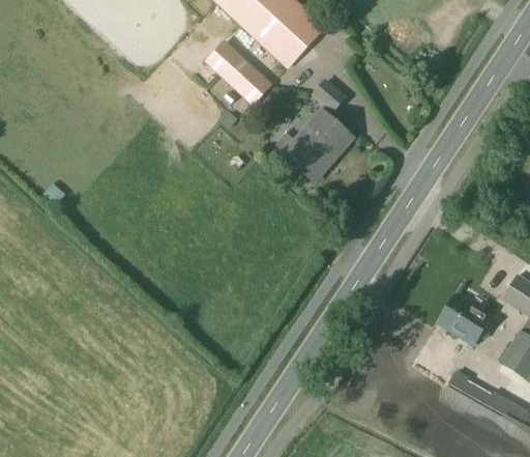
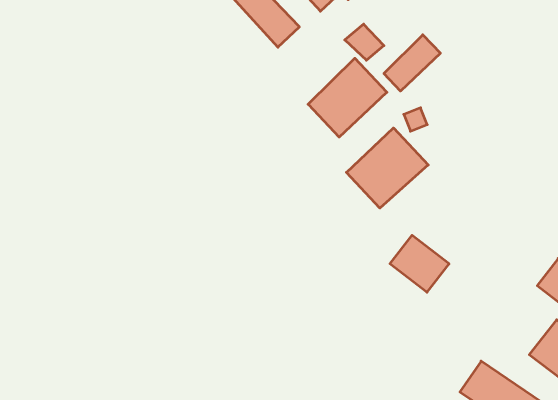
building: none -> [384,35,440,91]
building: none -> [346,128,428,208]
building: [439,294,492,344] -> [390,235,449,292]

